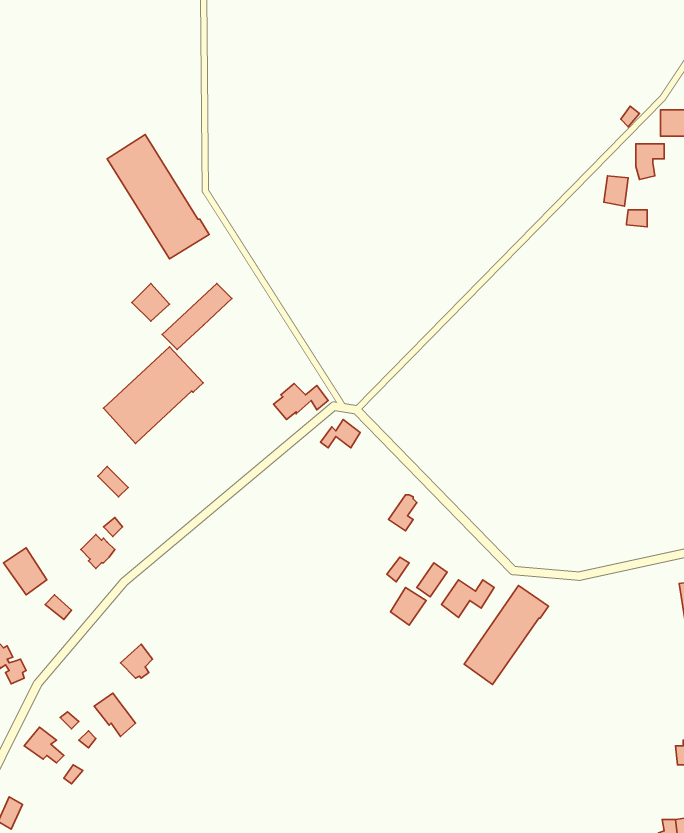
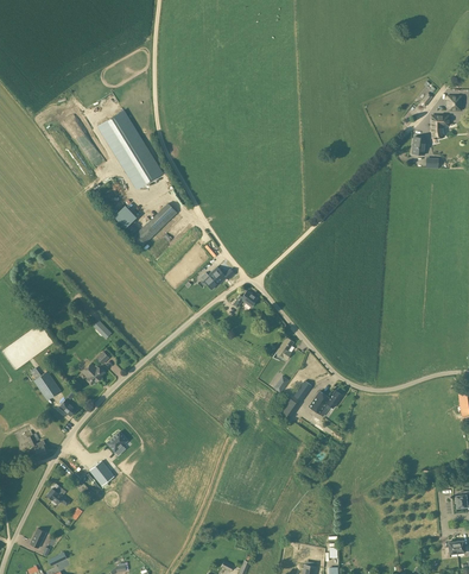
building: [103,347,203,444] -> none
building: [464,586,548,685] -> none

